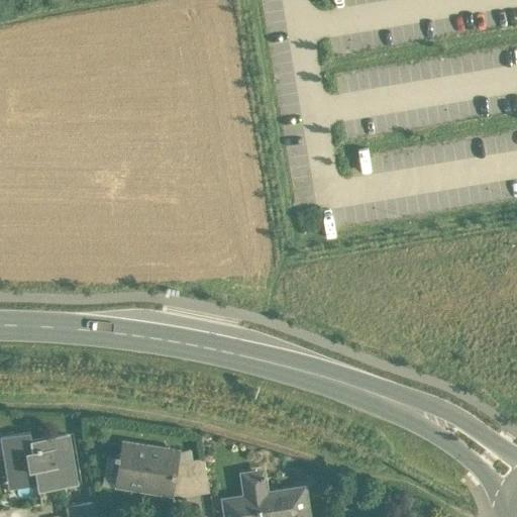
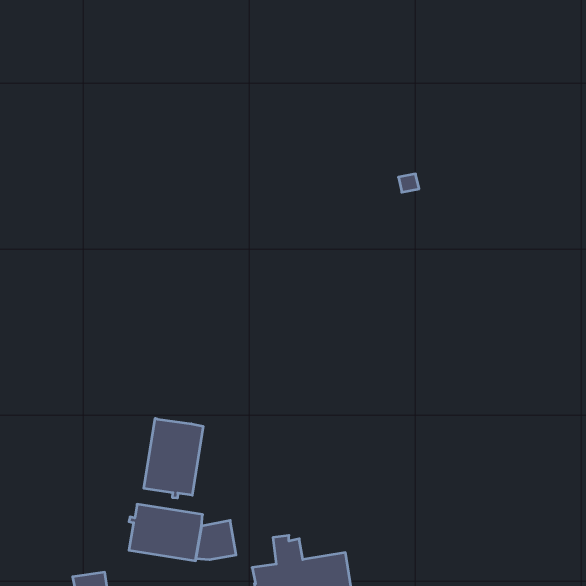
building: none -> [144,418,203,498]
building: [5,434,74,492] -> none

